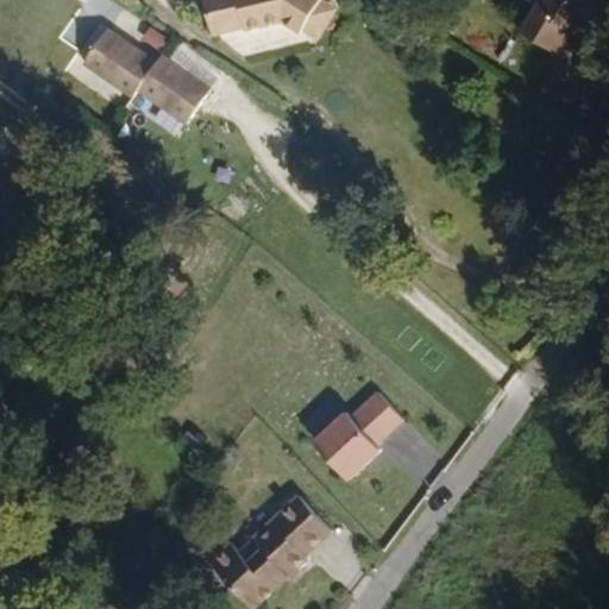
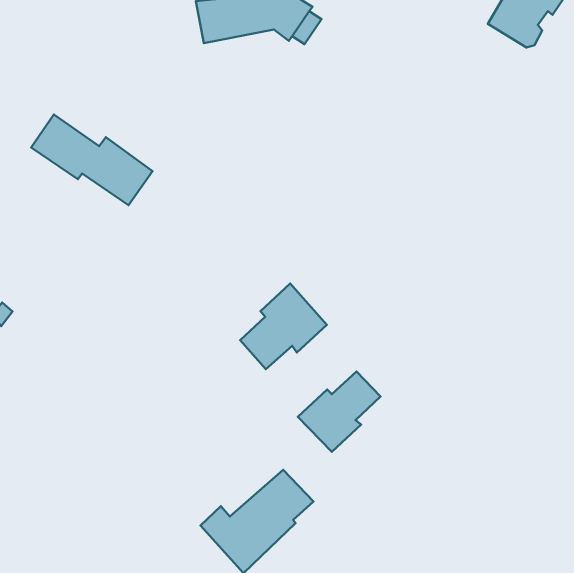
building: [82,30,209,125] -> [31,115,152,205]
building: none -> [240,284,327,369]

